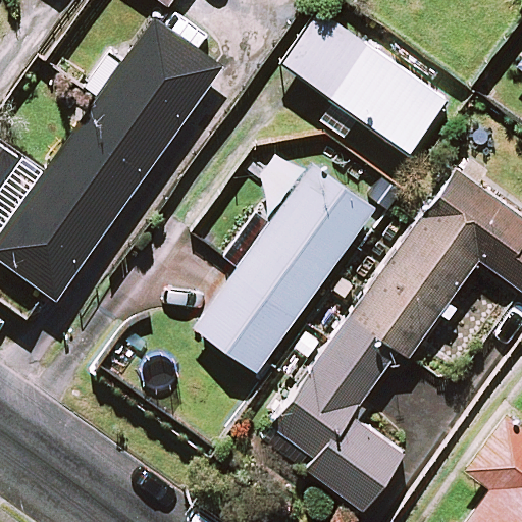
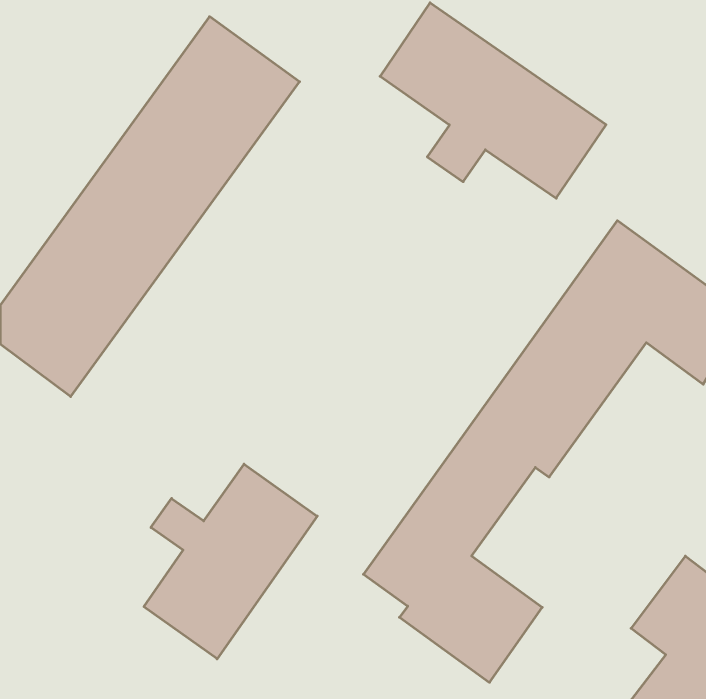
building: [195,164,373,372] -> none
building: none -> [144,464,317,659]

